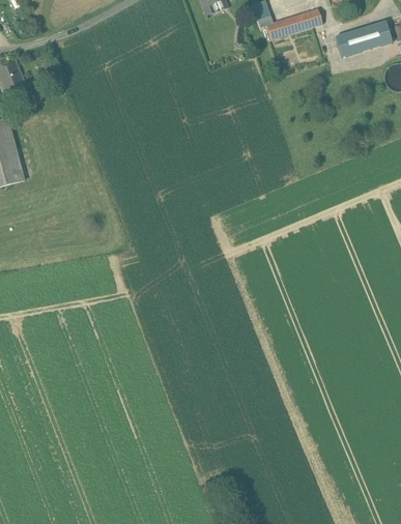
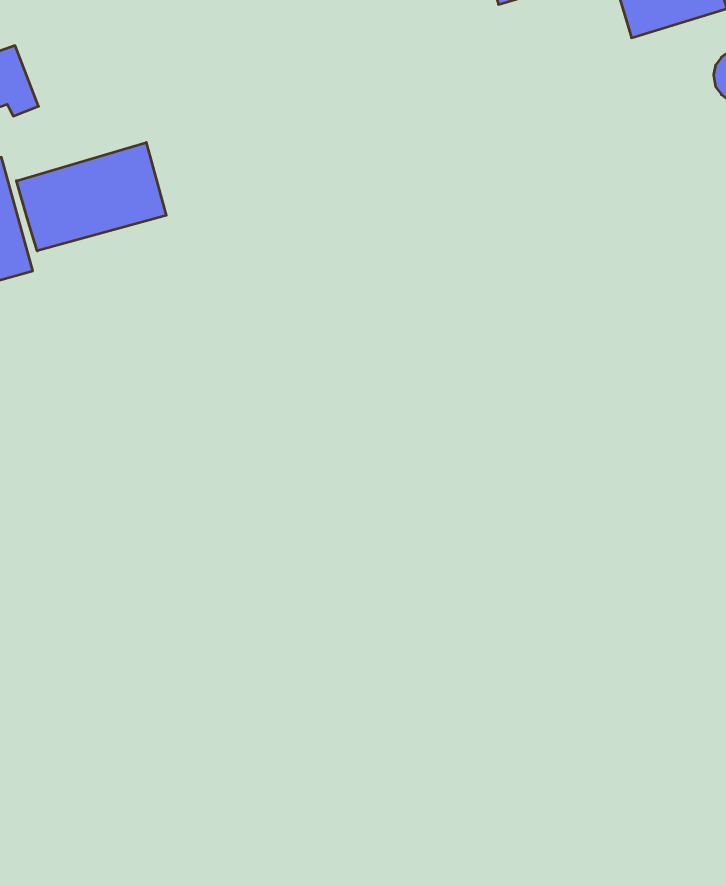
building: none -> [16,142,166,251]

